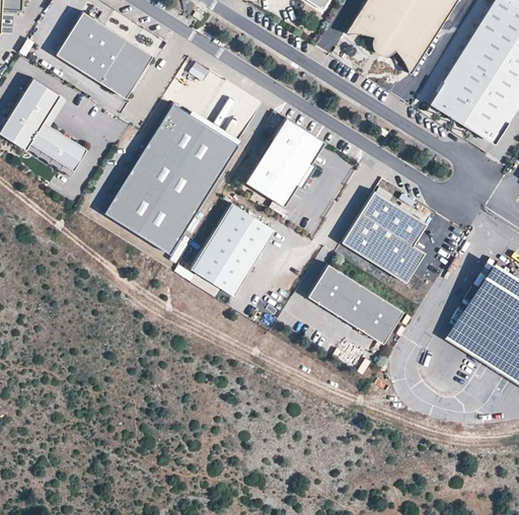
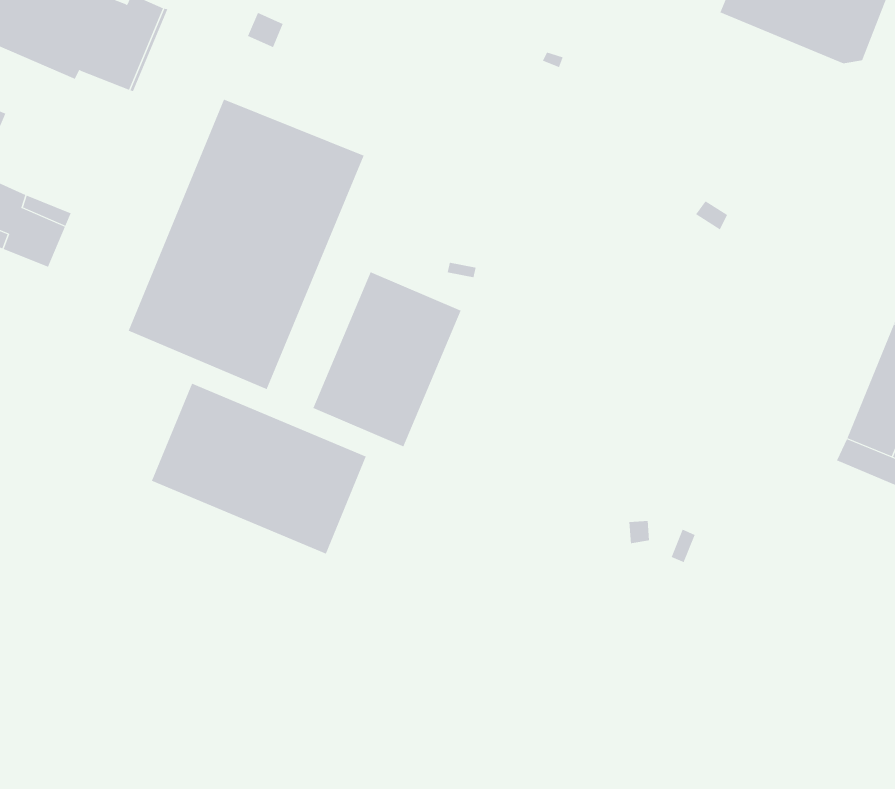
building: [244,118,324,207] -> none
building: [342,192,426,283] -> none
building: none -> [151,383,366,554]
building: [307,265,402,344] -> none

